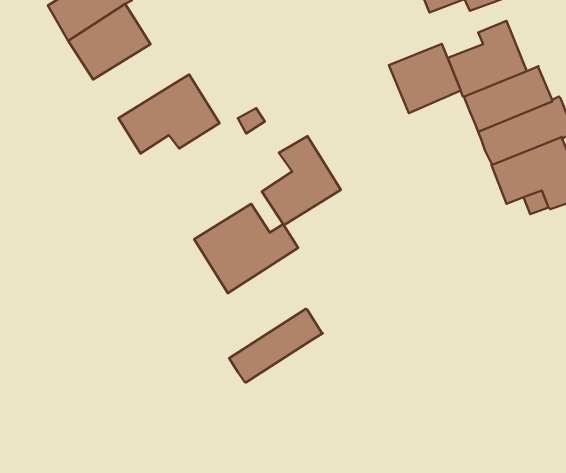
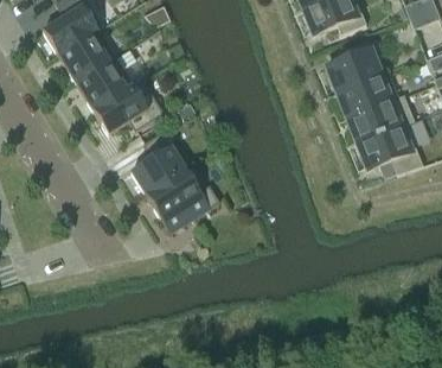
building: [389,44,461,113] -> none
building: none -> [75,56,133,108]
building: [262,136,341,225] -> [130,131,186,193]
building: [229,309,323,382] -> none

